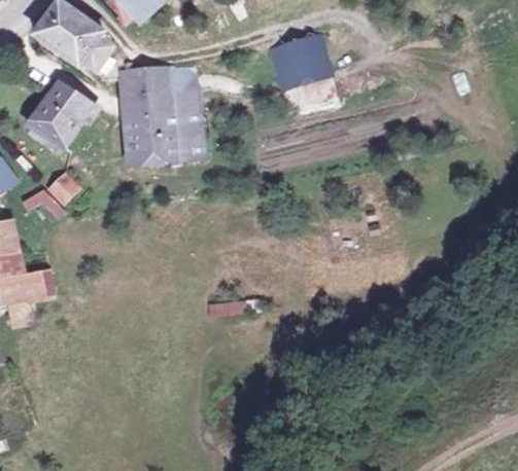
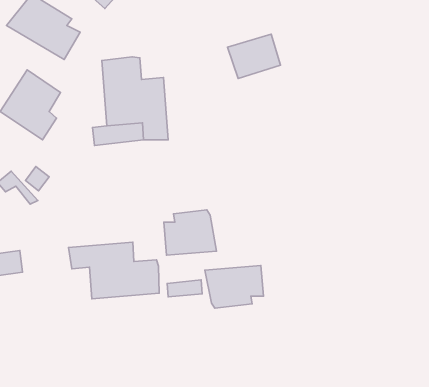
building: none -> [164,210,217,255]
building: none -> [68,242,159,299]
building: none -> [205,265,263,308]

